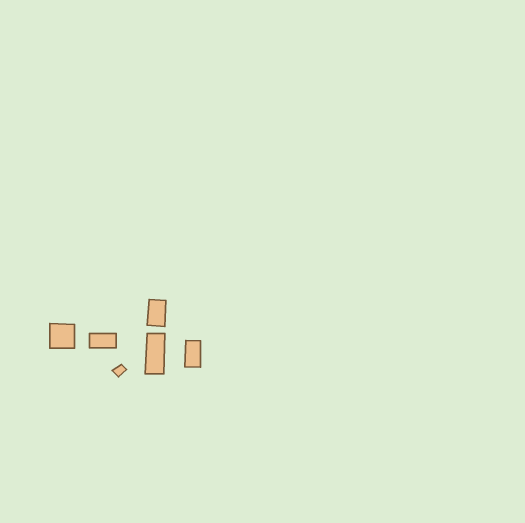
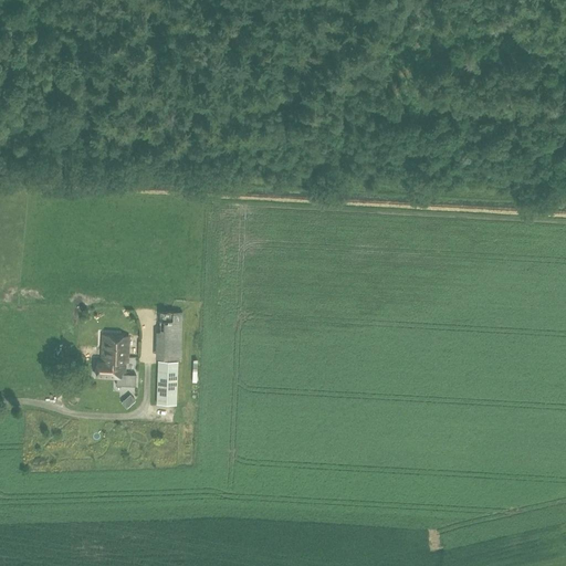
building: [50,323,75,348] -> [103,332,129,358]
building: [185,340,201,367] -> none

